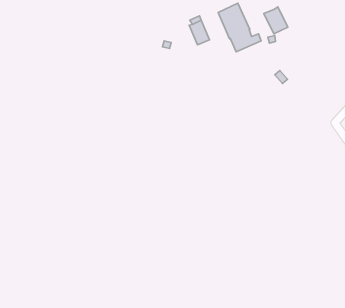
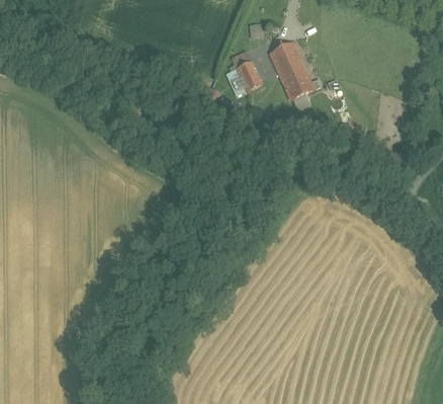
building: [264,7,288,34] -> none

